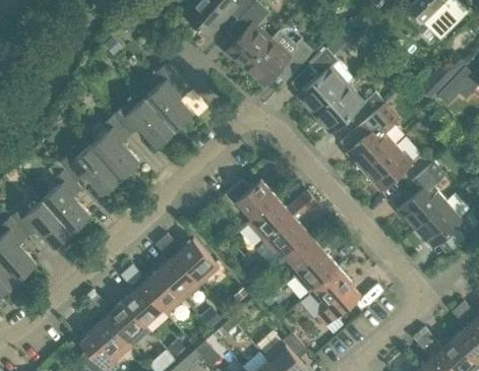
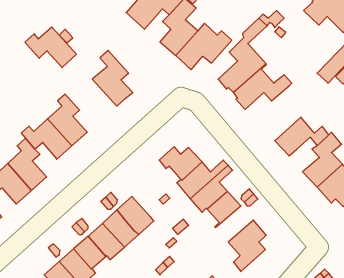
building: [112,98,174,146] -> [25,27,76,68]
building: [347,106,396,172] -> none
building: [293,250,339,294] -> none

